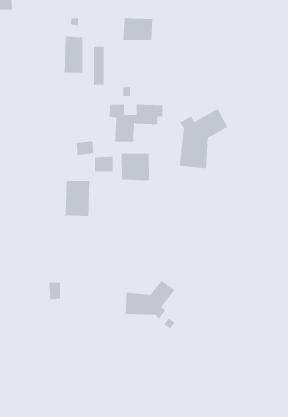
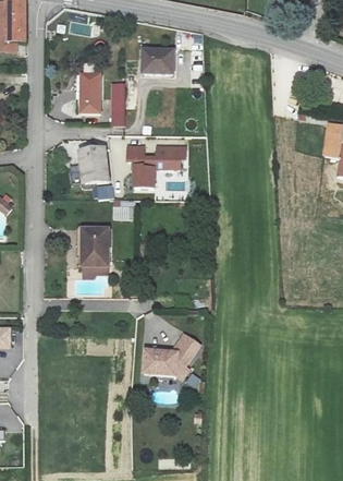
building: none -> [78,145,108,181]
building: [179,108,228,169] -> none
building: [121,153,150,181] -> none

